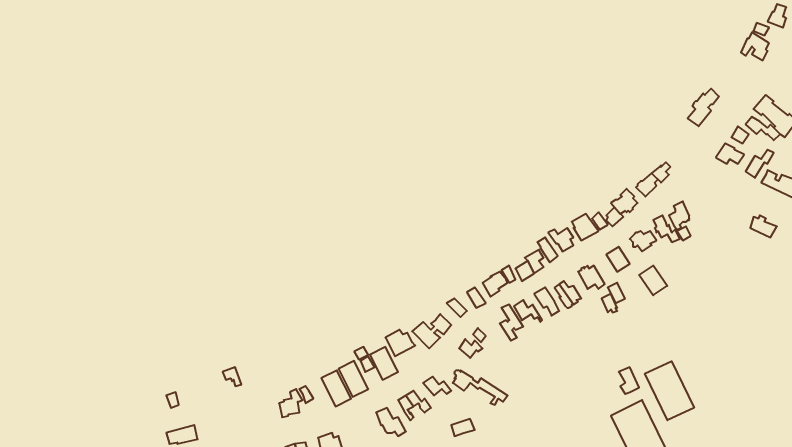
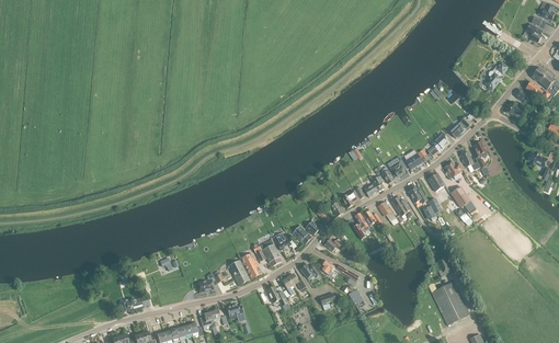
building: [645,361,694,420] -> none

